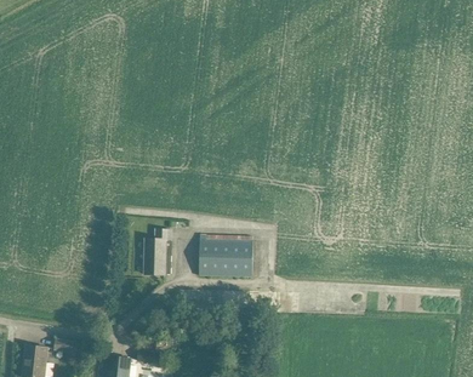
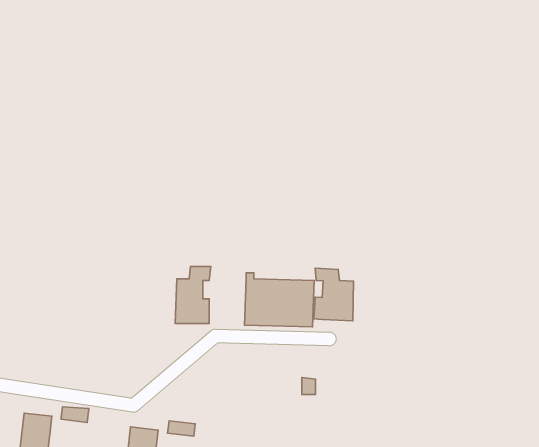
building: none -> [314,268,354,321]

